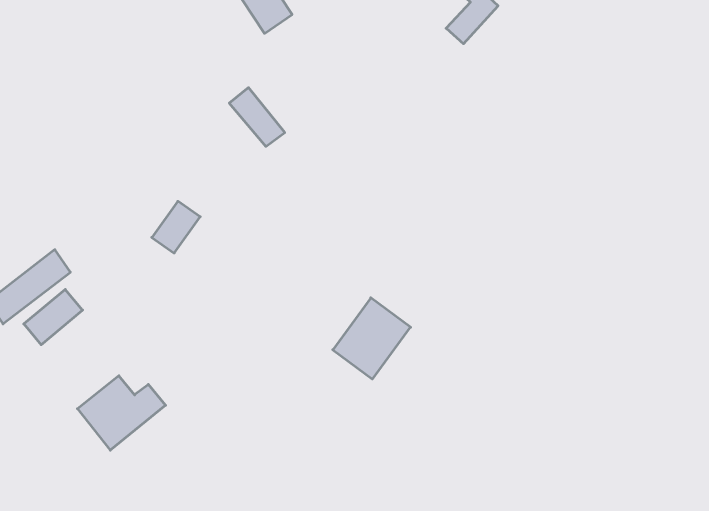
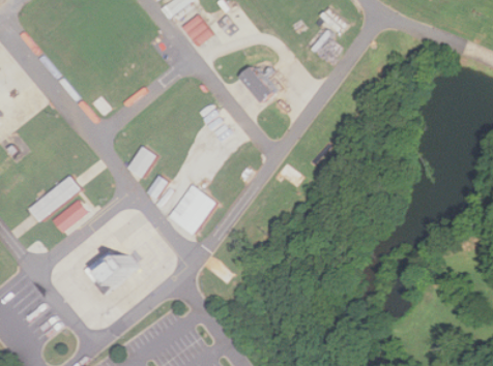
building: [229,88,285,146] -> [239,67,272,102]
building: [333,298,411,379] -> [169,185,215,234]

